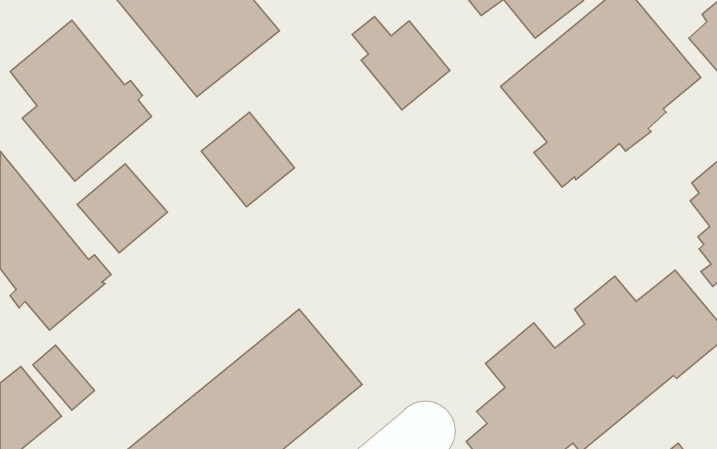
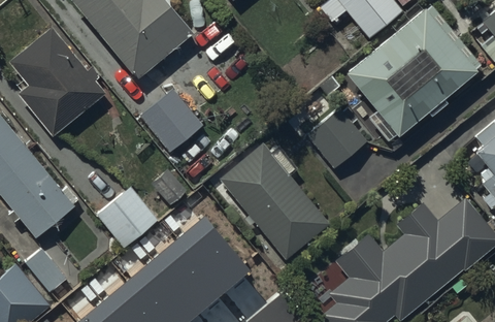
building: [352,16,450,110] -> [300,105,367,169]
building: [77,164,167,253] -> [97,187,159,248]
building: none -> [219,143,328,259]

